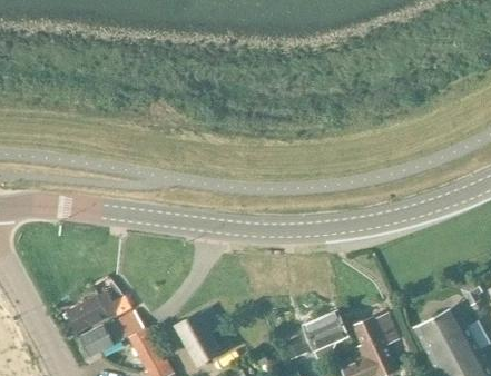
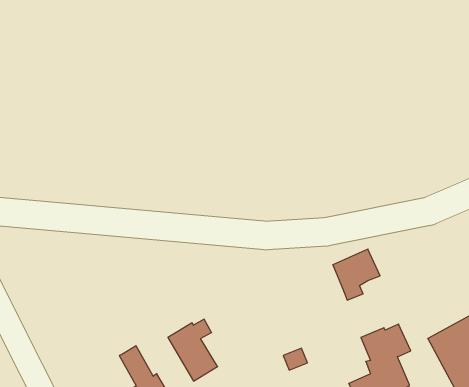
building: [67,291,116,332] -> none
building: [80,309,146,356] -> none
building: [303,310,346,357] -> [333,249,380,300]

